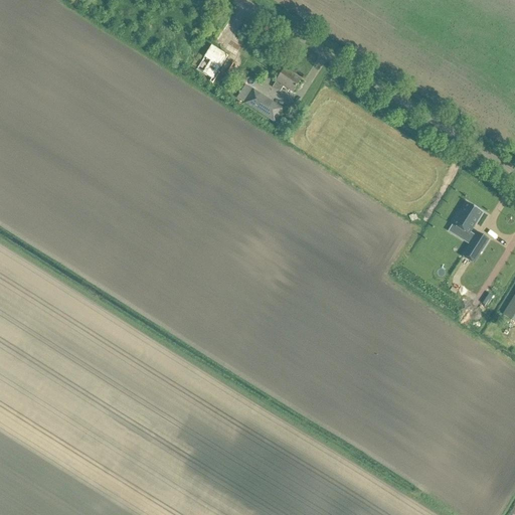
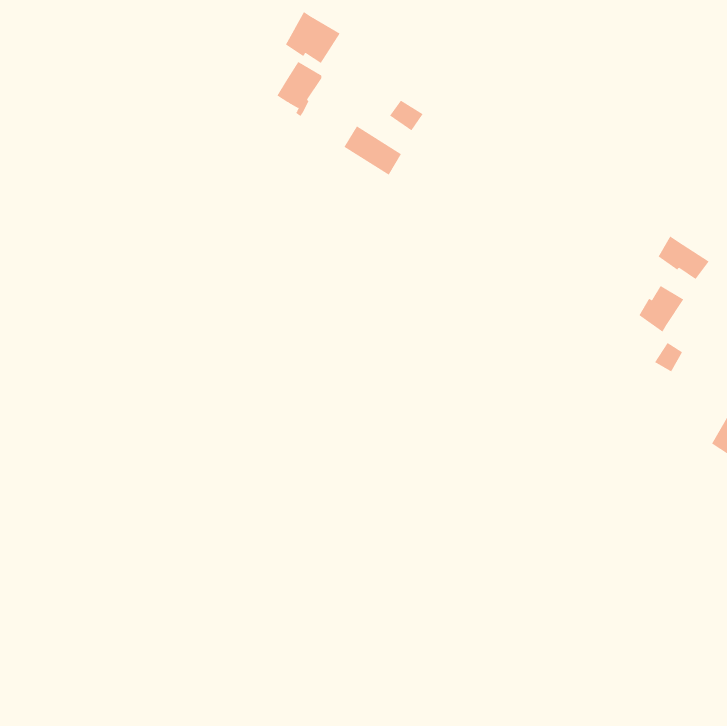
building: none -> [285,11,341,64]
building: none -> [658,236,709,280]

